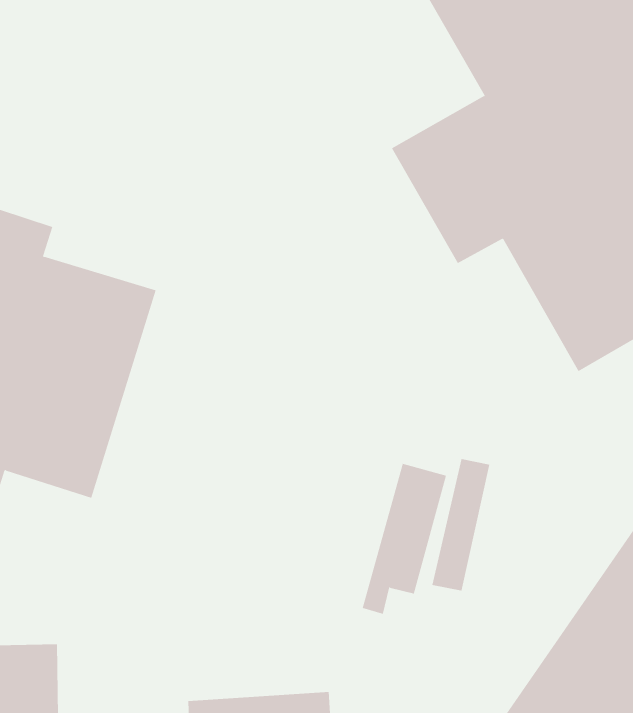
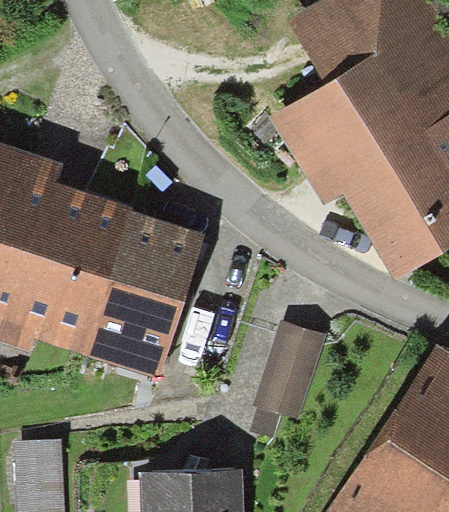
building: none -> [77,214,196,372]

